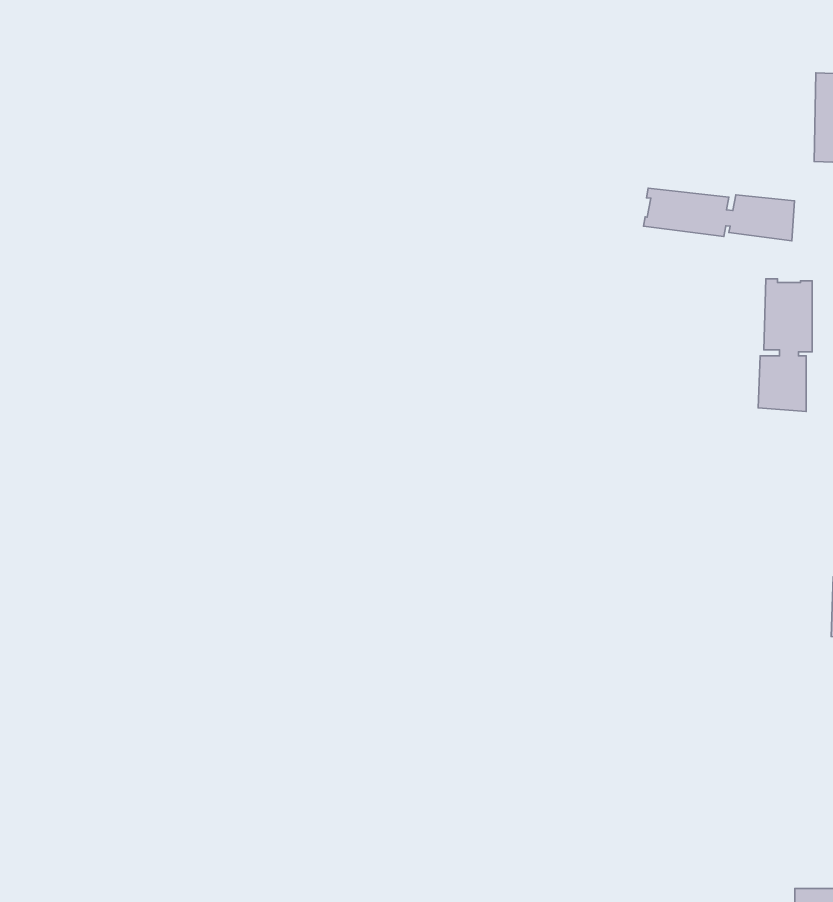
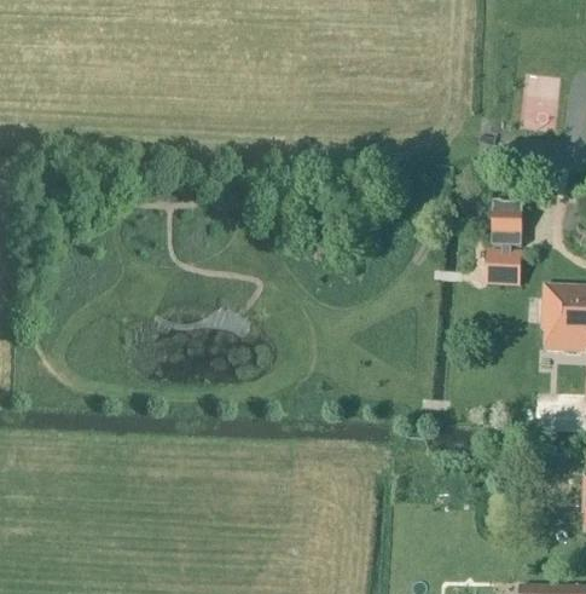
building: [643,188,795,241] -> none

